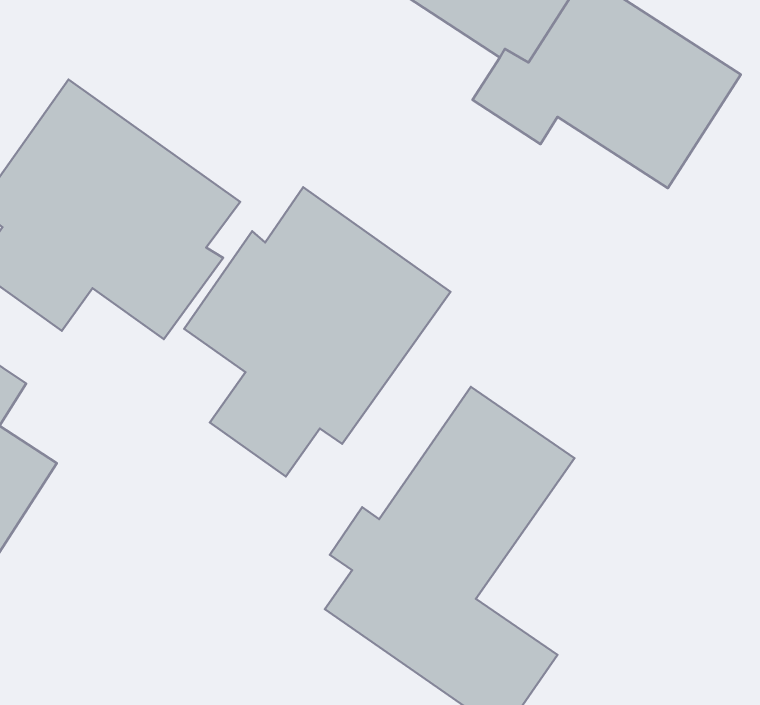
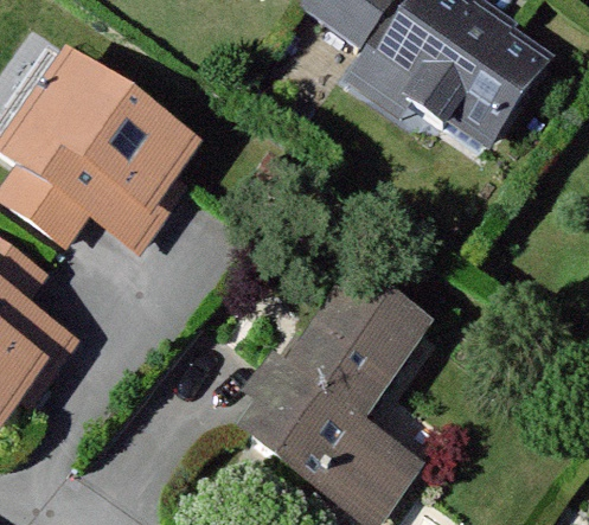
building: [184,187,451,477] -> none

